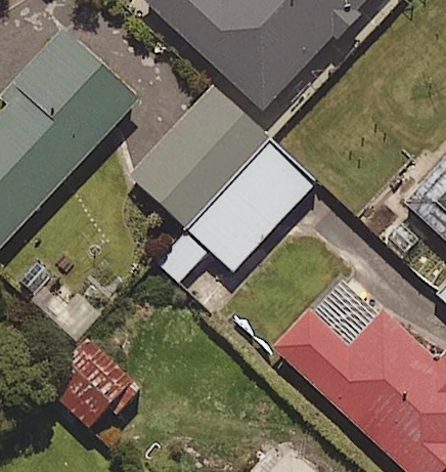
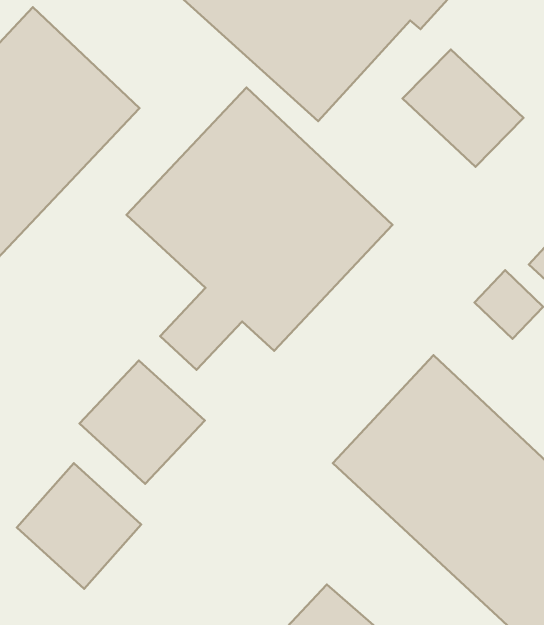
building: none -> [403,49,524,167]
building: none -> [79,360,205,484]

